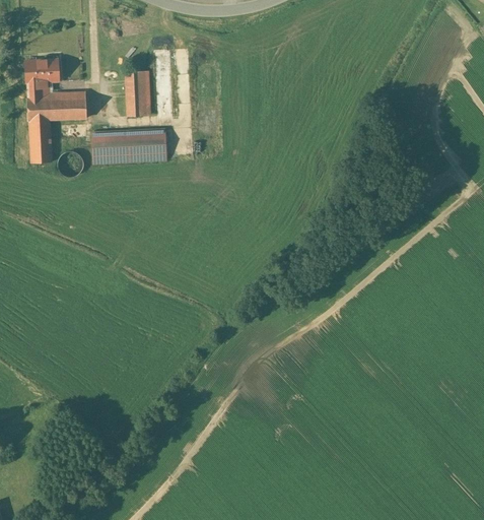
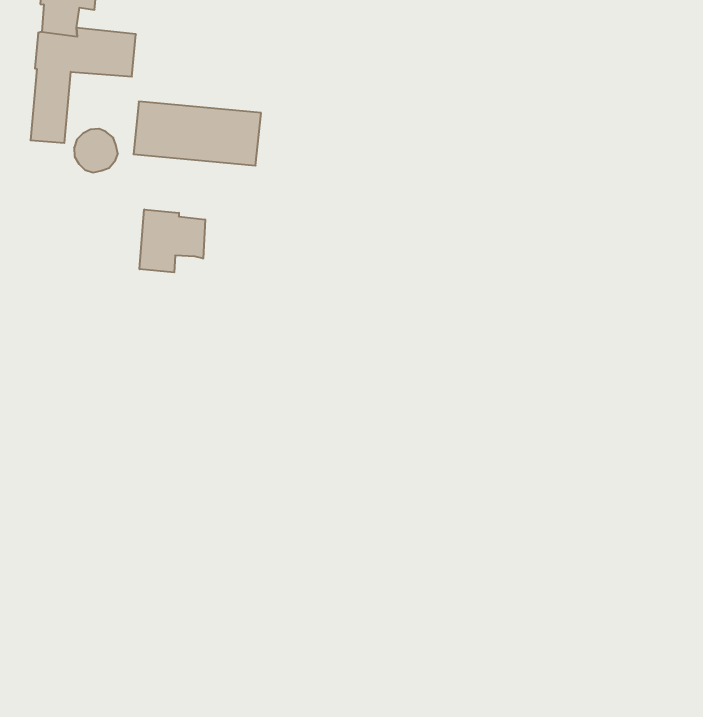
building: [126,71,144,117] -> none
building: none -> [140,209,205,272]

